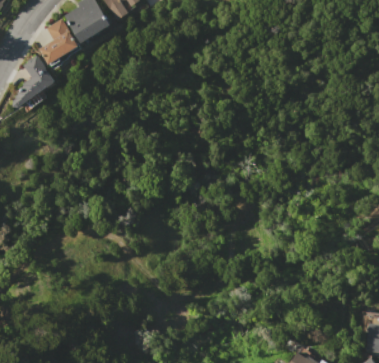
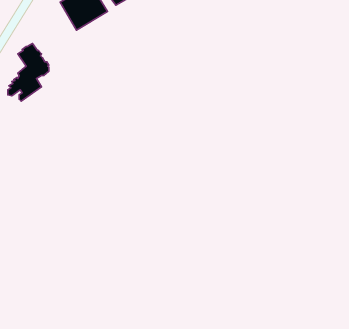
building: [39,19,77,63] -> none

